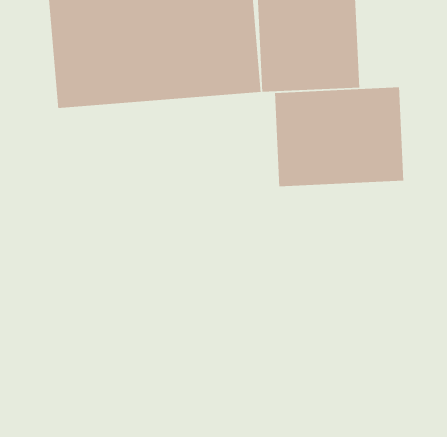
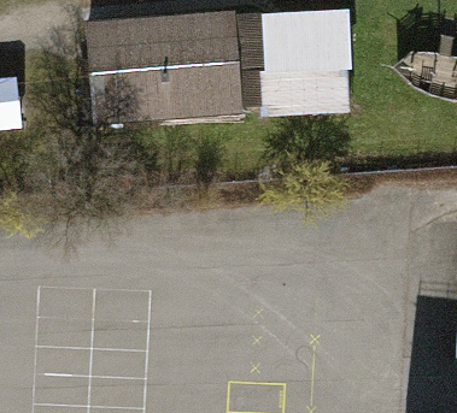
building: [274,86,404,187] -> none

